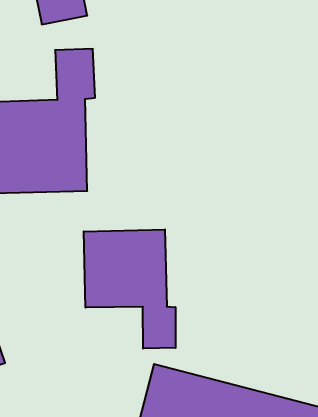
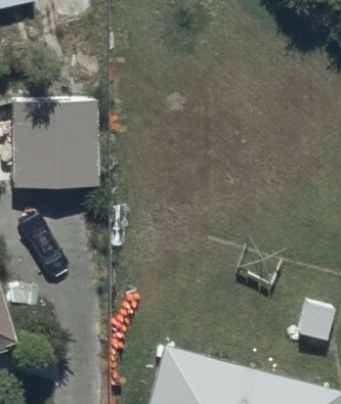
building: [84,229,176,349] -> none

